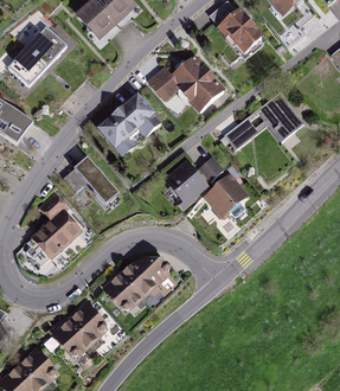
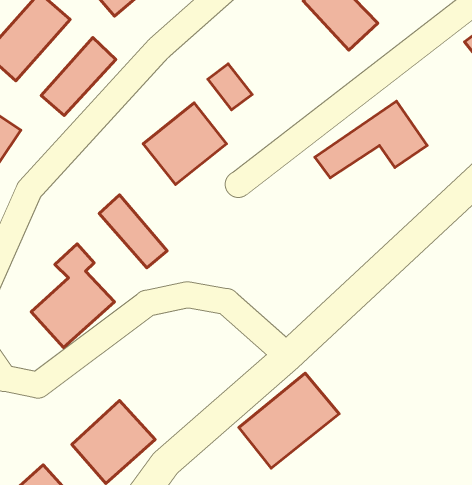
building: none -> [41,38,116,116]
building: [175,56,227,111] -> none
building: [169,159,250,216] -> none
building: [105,252,175,319] -> [239,373,339,468]

